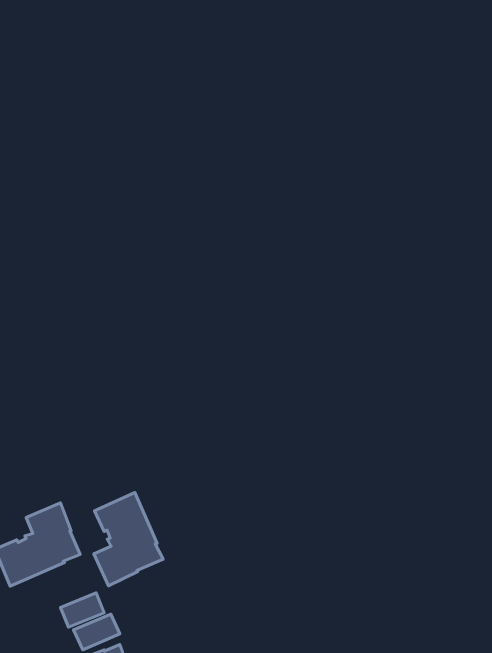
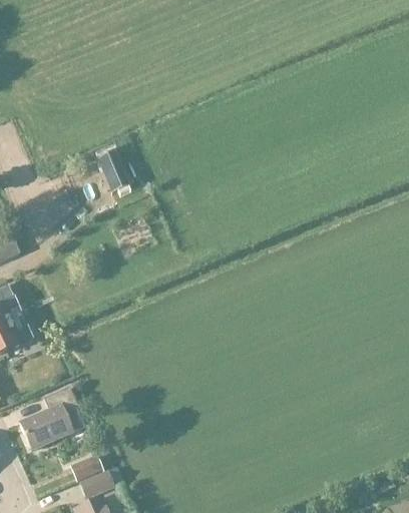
building: none -> [99,148,132,190]
building: [94,493,163,586] -> none

